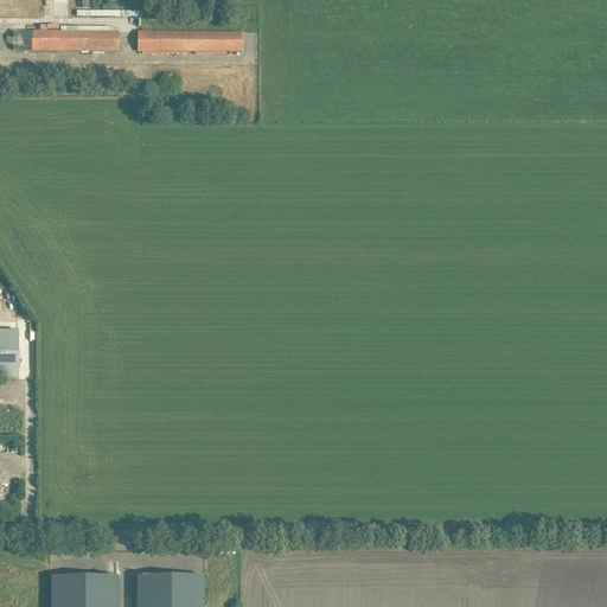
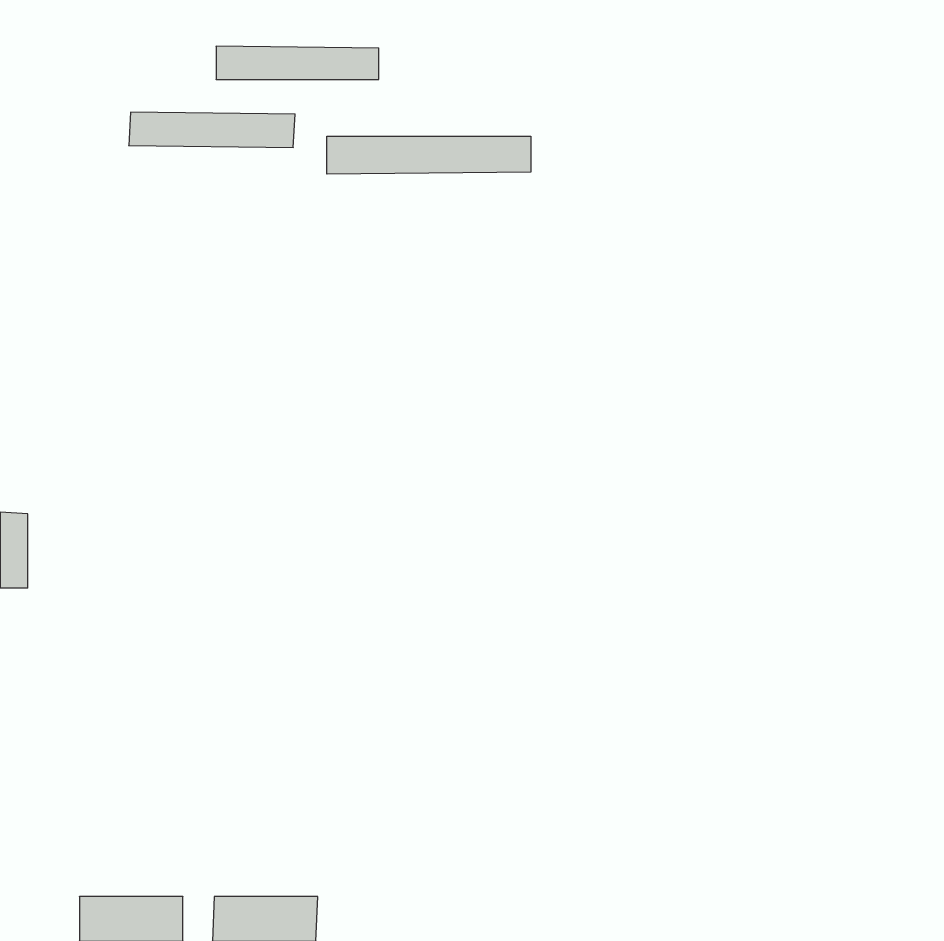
building: [13,28,120,51] -> [129,112,295,147]
building: none -> [327,136,531,174]

